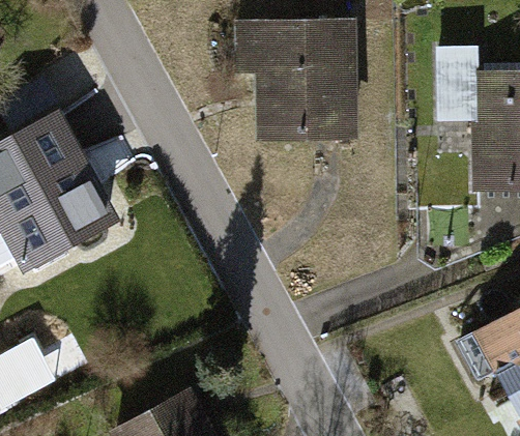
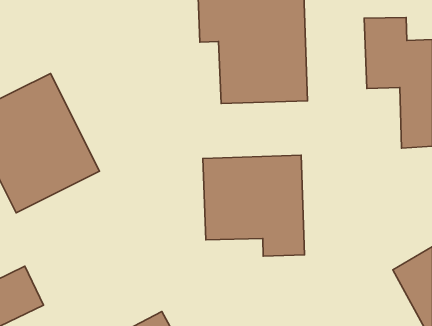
building: none -> [203,155,305,256]

